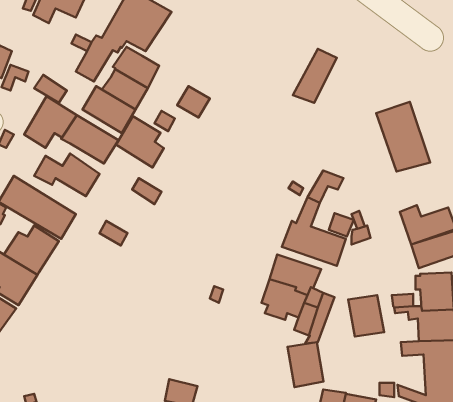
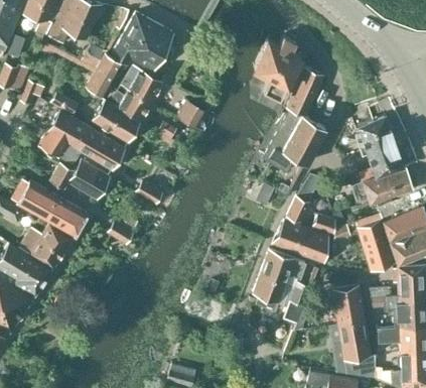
building: none -> [251,35,298,99]
building: none -> [261,113,320,170]
building: [116,116,164,168] -> none
building: none -> [350,167,414,203]
building: none -> [352,216,391,270]
building: [288,342,324,387] -> [336,320,369,361]

